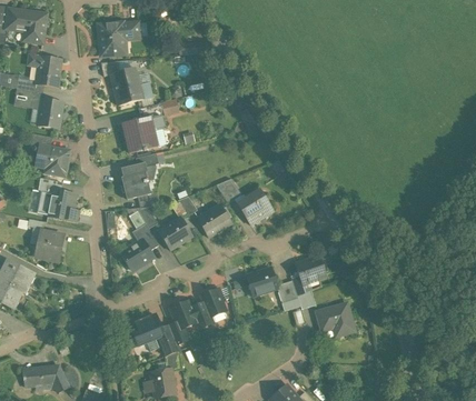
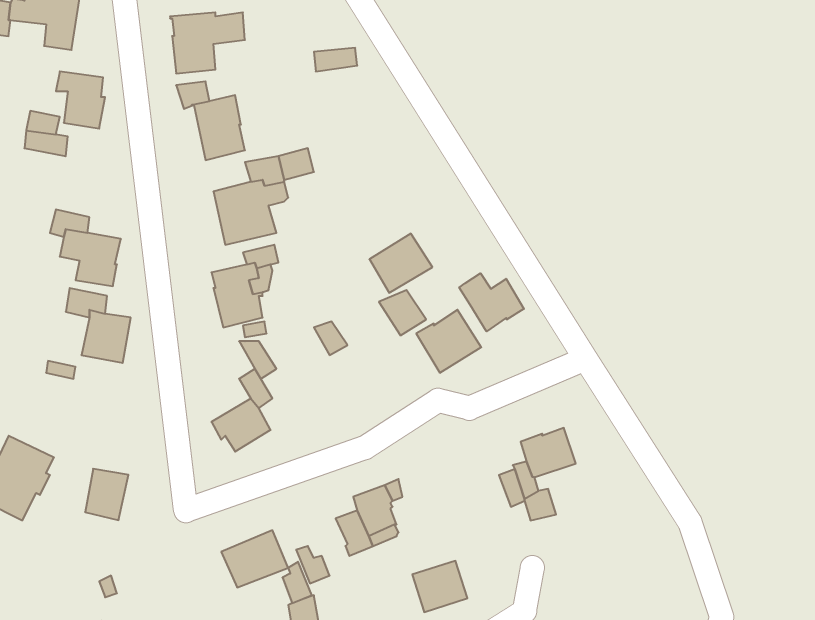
building: [37,99,61,128] -> none
building: none -> [459,273,524,331]
building: [196,203,231,237] -> [369,234,432,293]
building: [158,217,192,250] -> none
building: [37,231,61,260] -> [85,469,128,520]
building: [246,267,277,295] -> [412,561,467,612]
building: [169,300,197,329] -> none
building: [316,302,354,334] -> none

